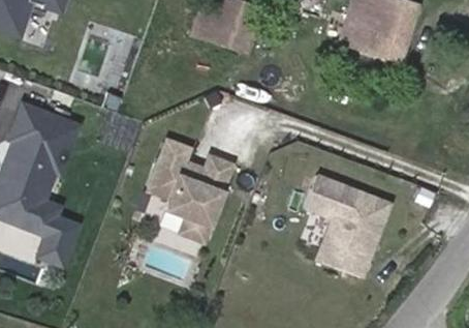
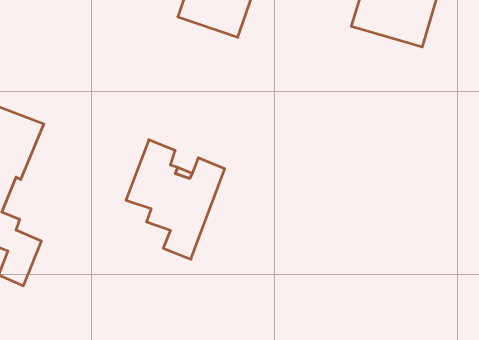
building: [304,174,389,276] -> none

